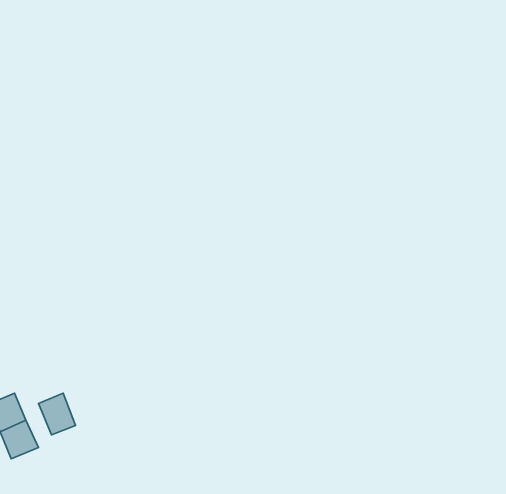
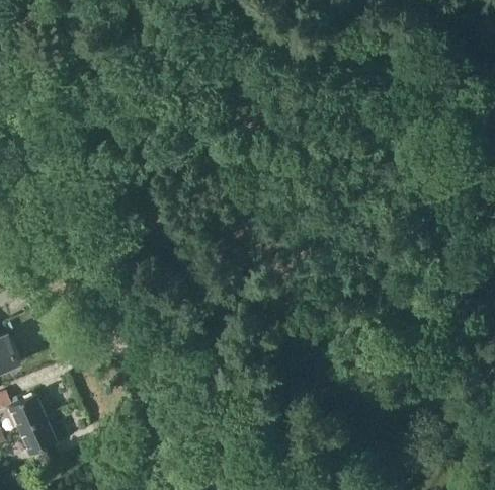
building: [38,393,76,435] -> none

